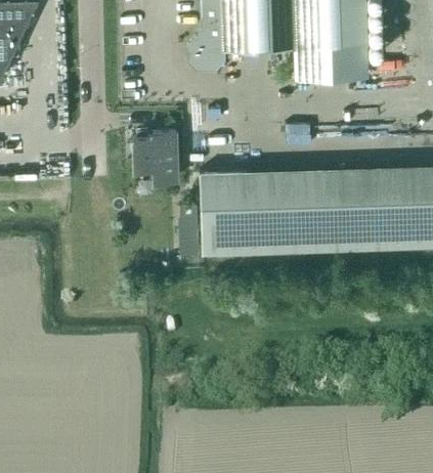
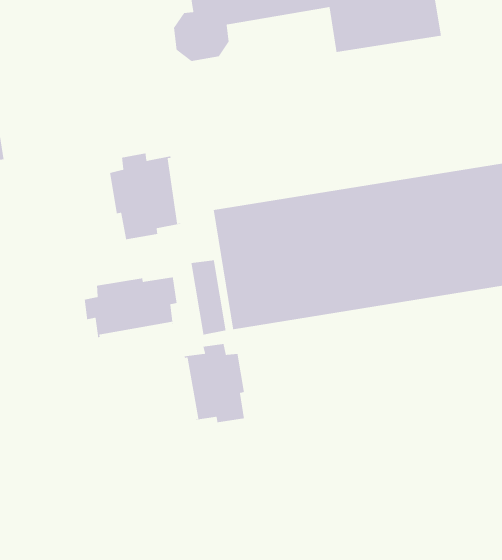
building: none -> [84,277,178,338]
building: none -> [184,343,245,423]

